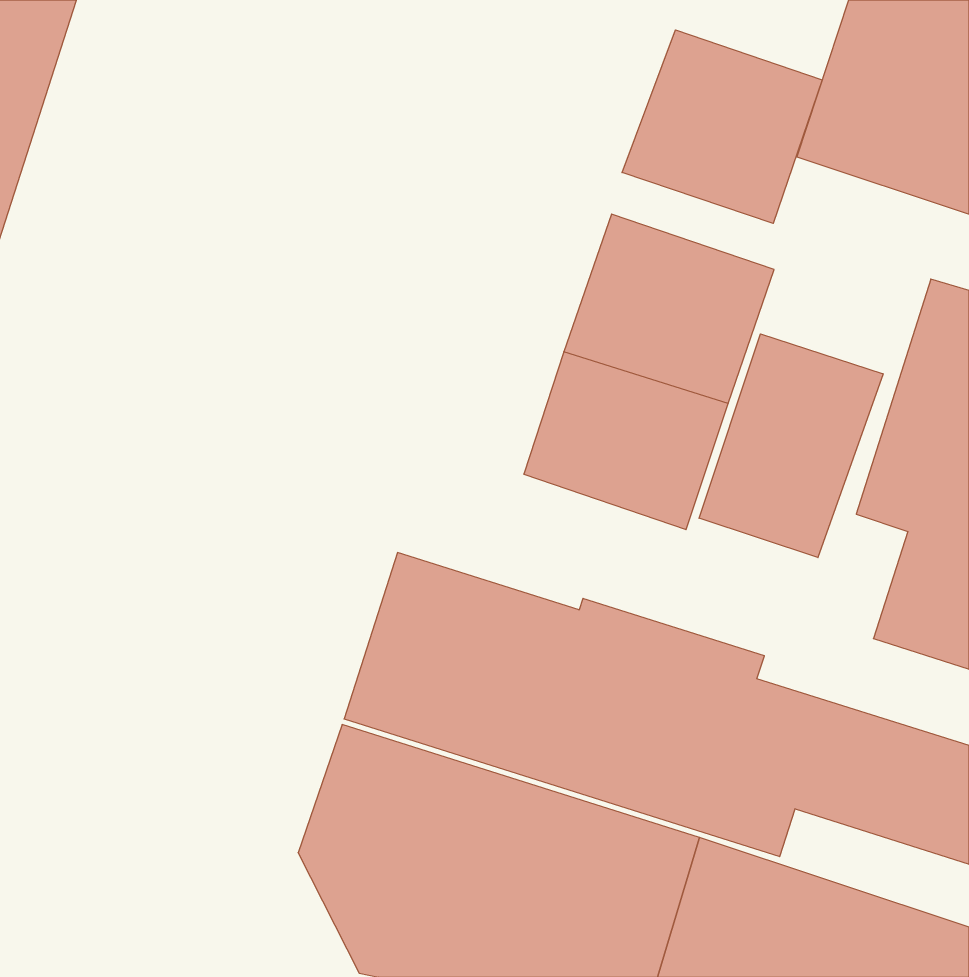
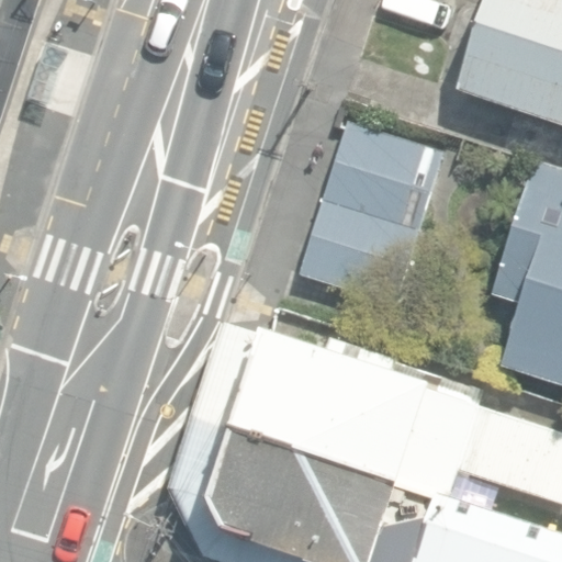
building: [622,30,822,223] -> none
building: [699,334,883,558] -> none

